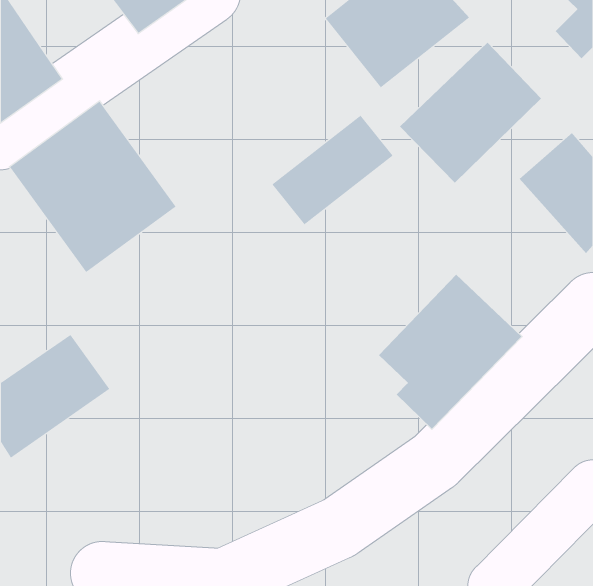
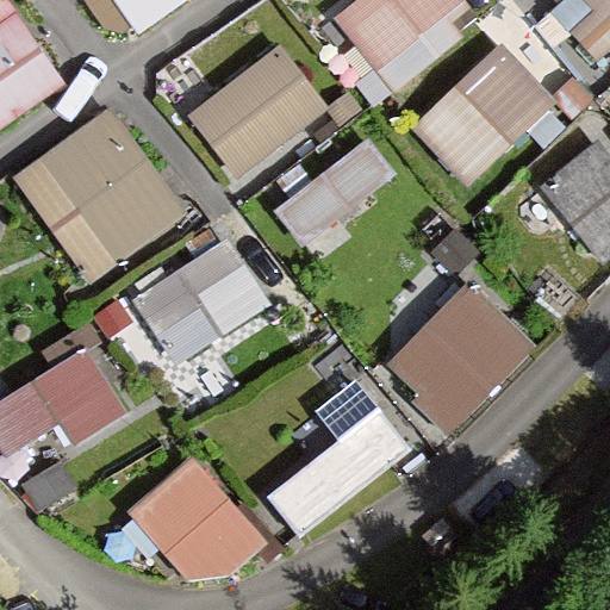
building: none -> [188,43,330,179]
building: none -> [125,235,266,367]
building: none -> [269,379,412,537]
building: none -> [126,455,268,581]

